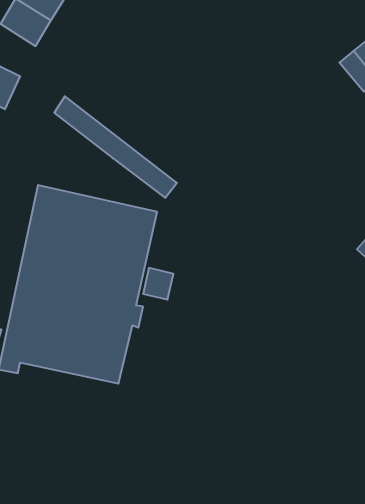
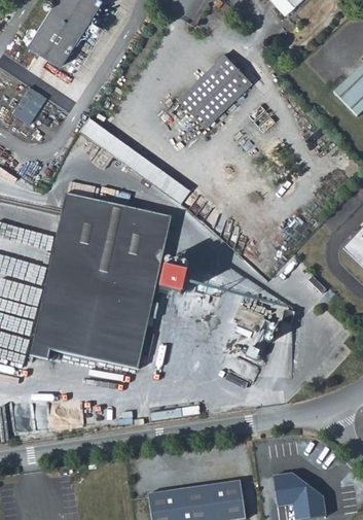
building: none -> [177,56,249,128]

